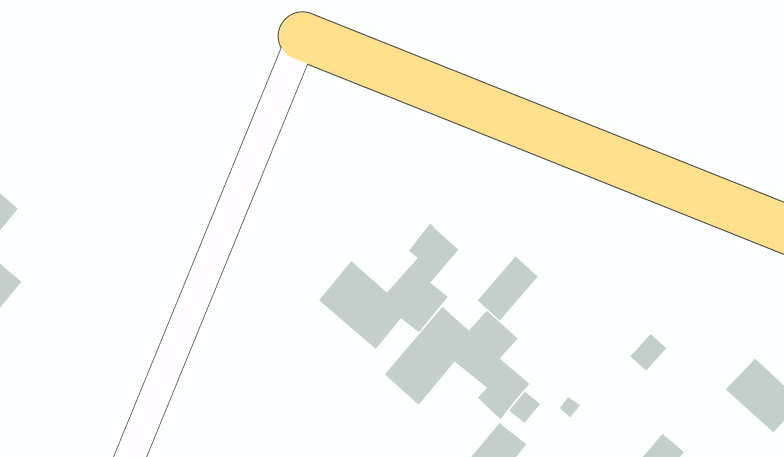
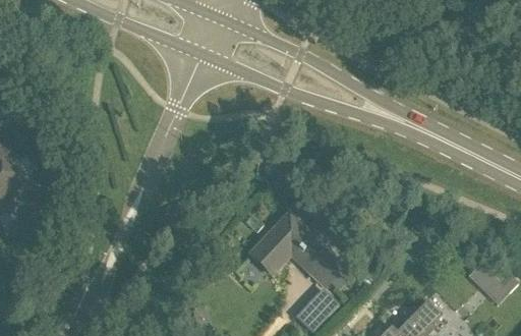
building: [318,223,460,350] -> none
building: [477,255,539,322] -> none

